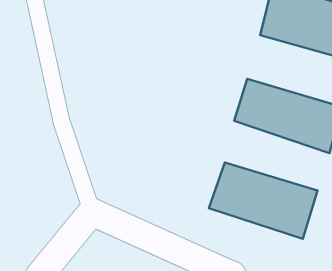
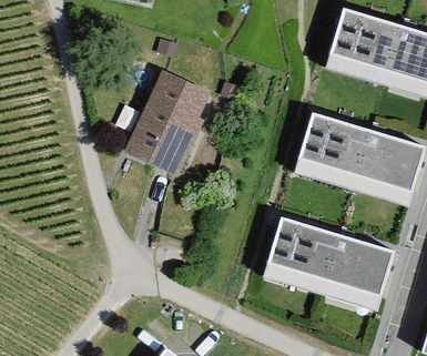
building: none -> [121,78,205,179]

